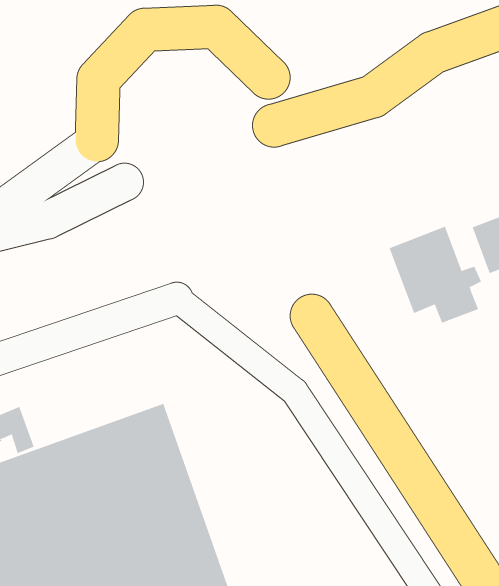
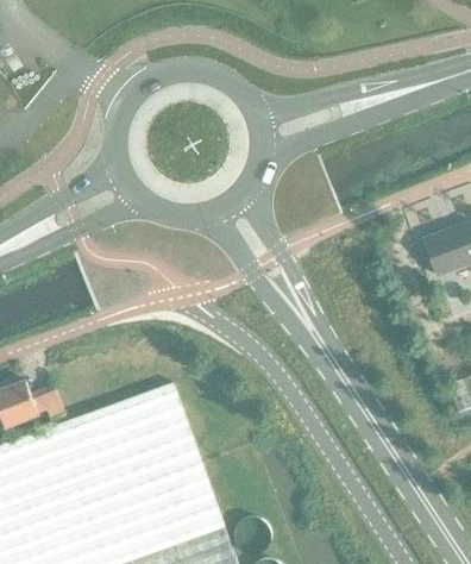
building: [389,226,482,324] -> none

